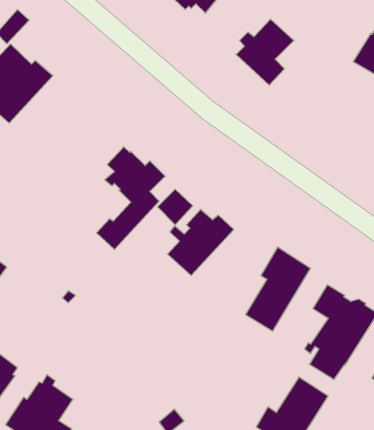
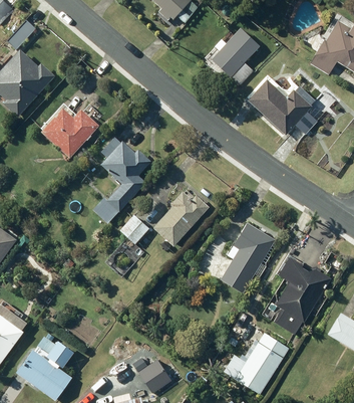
building: none -> [246,79,318,136]
building: none -> [39,108,99,159]
building: [157,189,193,225] -> [119,215,149,245]

